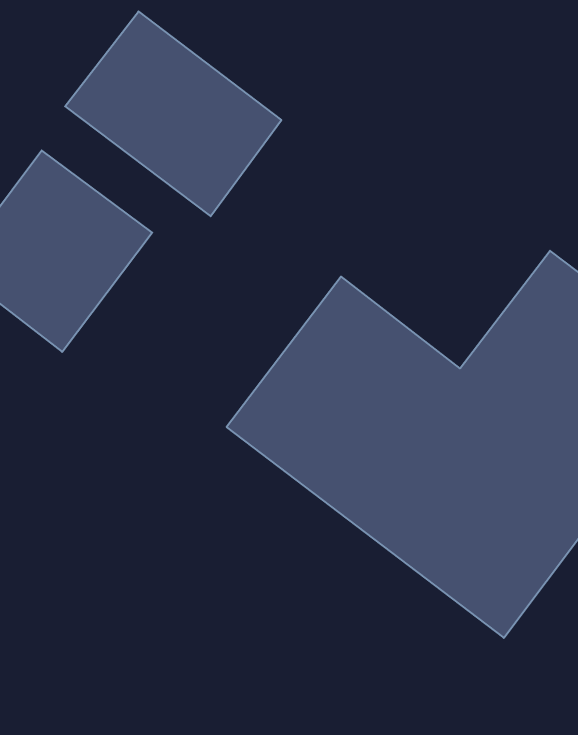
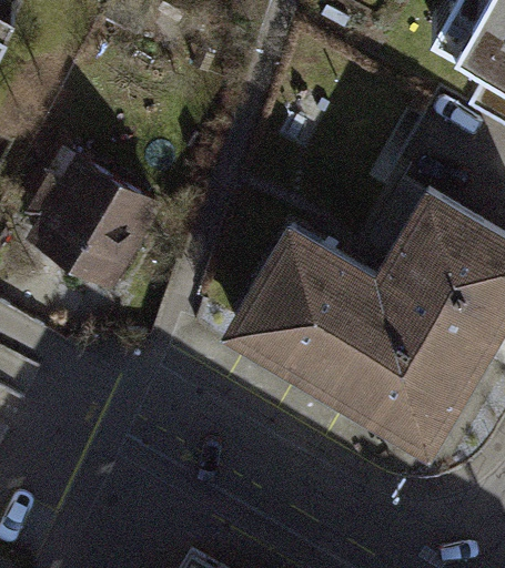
building: [65,11,281,216] -> none

